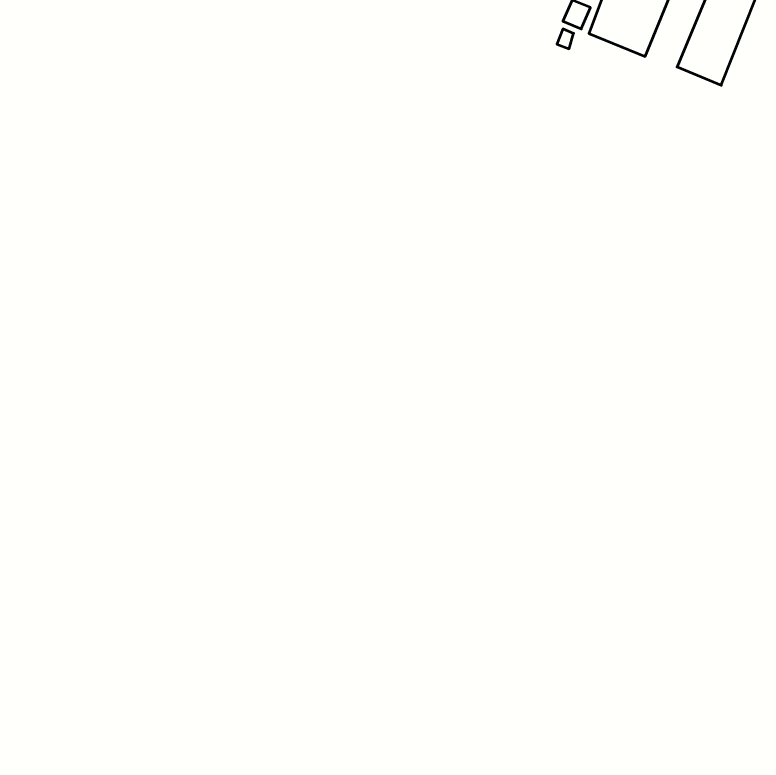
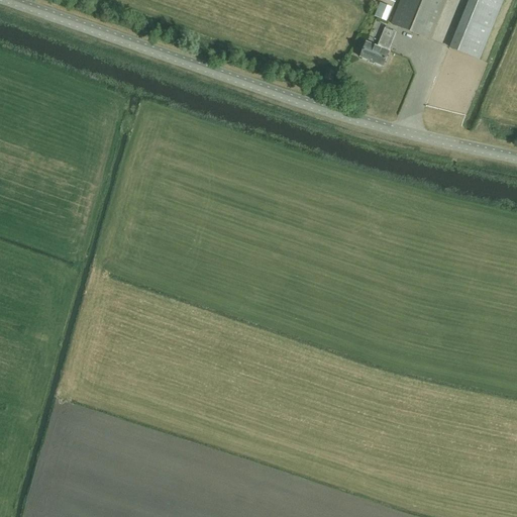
building: none -> [359,26,395,64]

